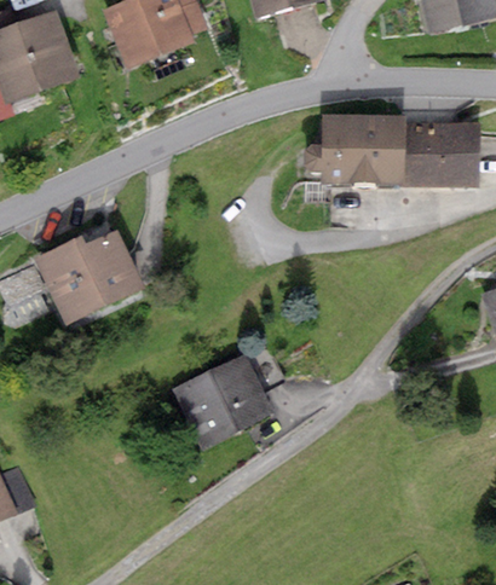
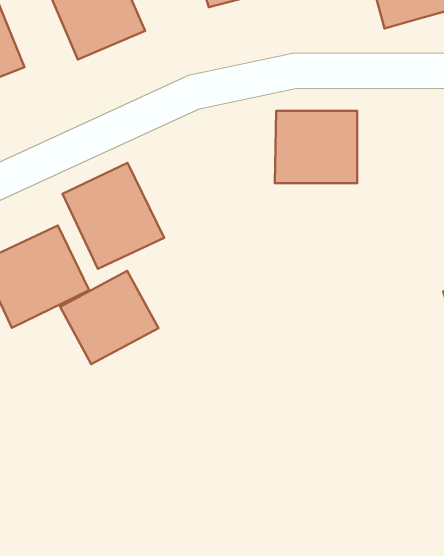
building: [399,123,477,186] -> none
building: none -> [62,163,164,269]
building: [178,354,273,445] -> [60,271,158,364]

